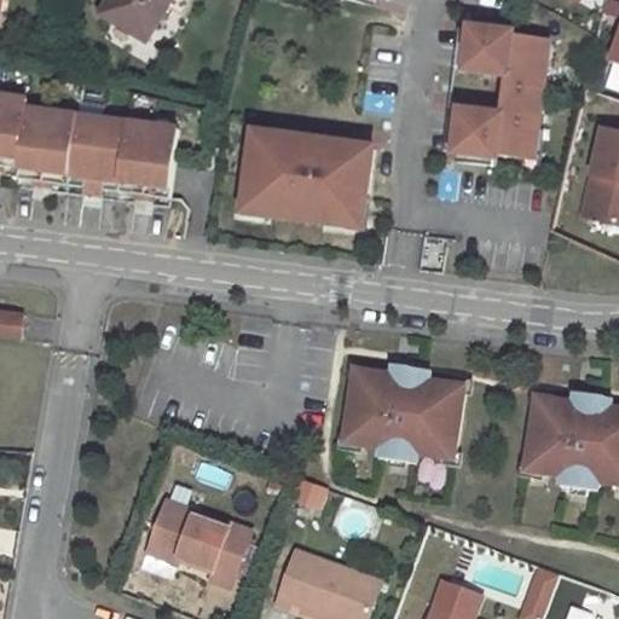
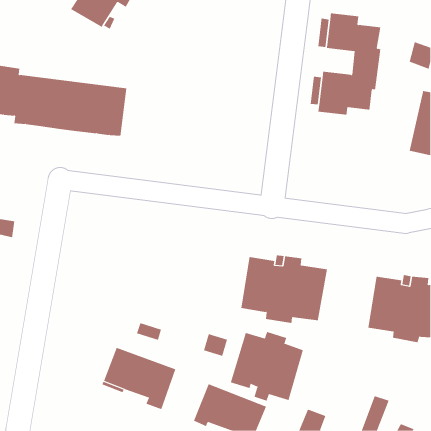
building: [248,133,376,222] -> none
building: none -> [230,331,304,401]

